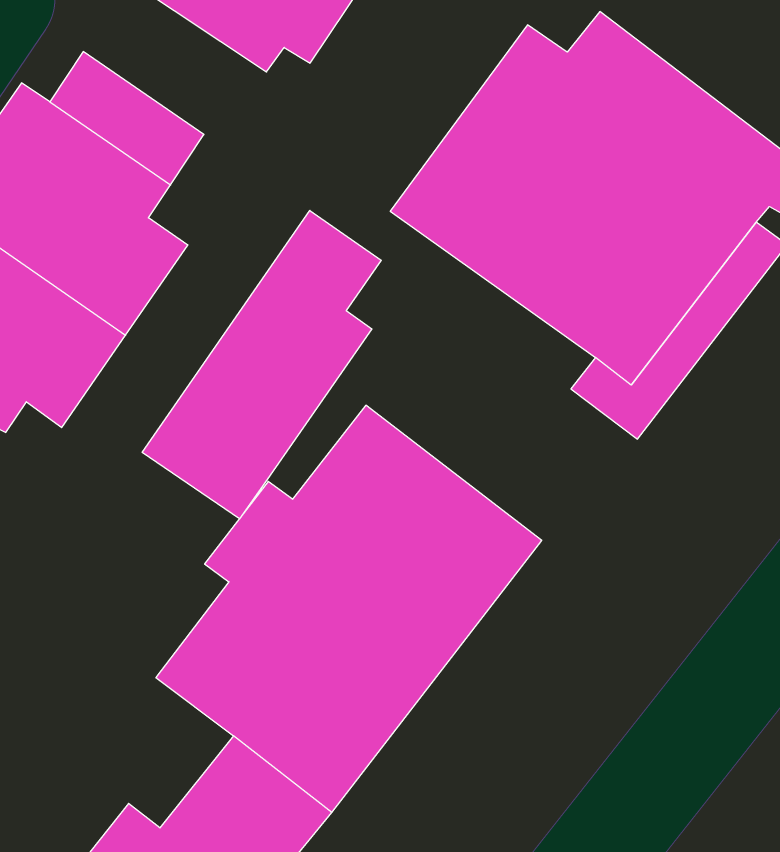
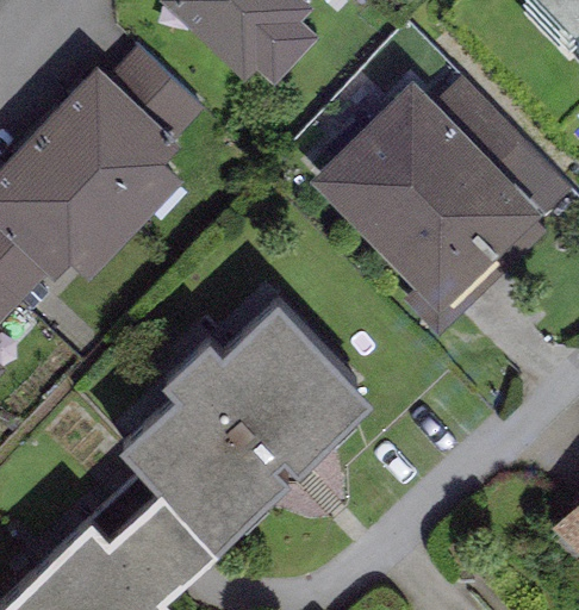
building: [142,210,381,519] -> none

